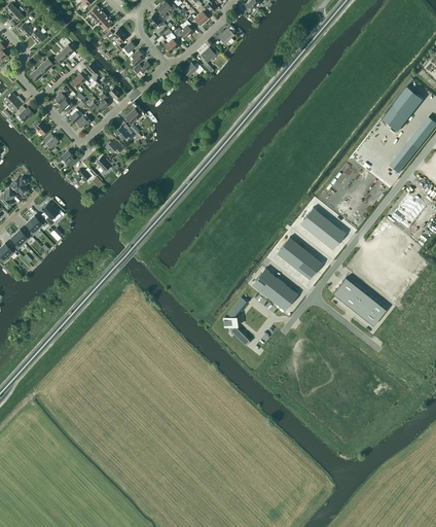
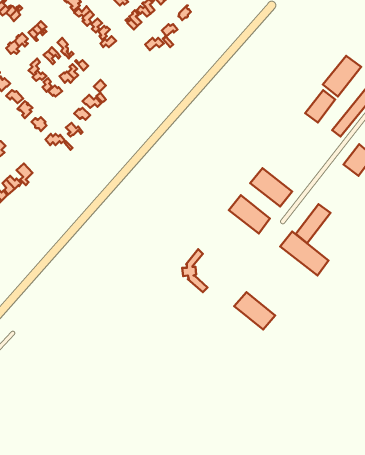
building: none -> [305,90,335,122]
building: none -> [296,204,330,243]
building: [252,269,297,310] -> [234,292,275,329]

